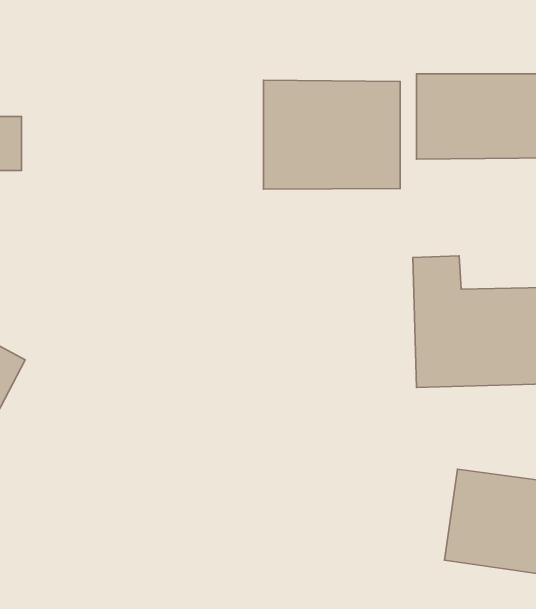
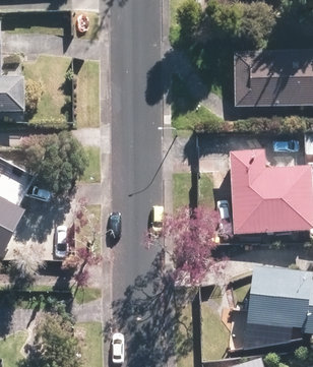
building: [264,80,400,189] -> none

